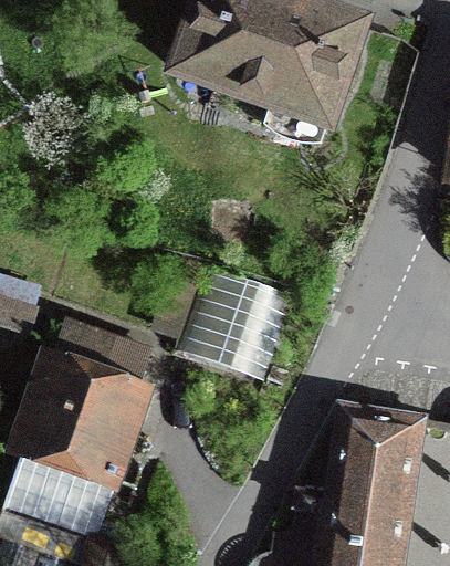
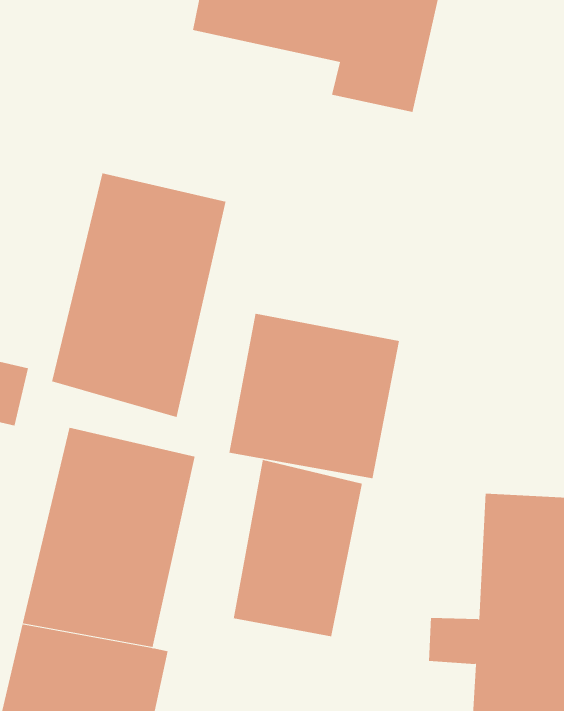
building: none -> [51,172,226,418]
building: none -> [233,459,362,637]

